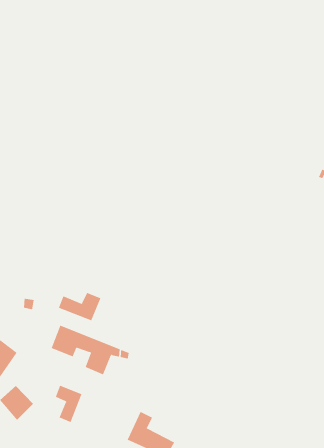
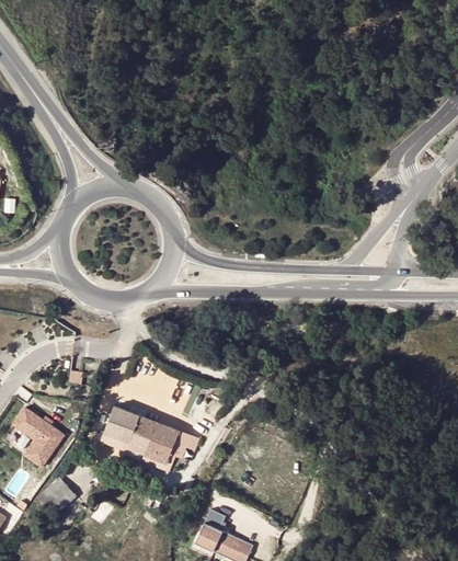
building: [58,292,101,321] -> none
building: [55,385,82,423] -> none

